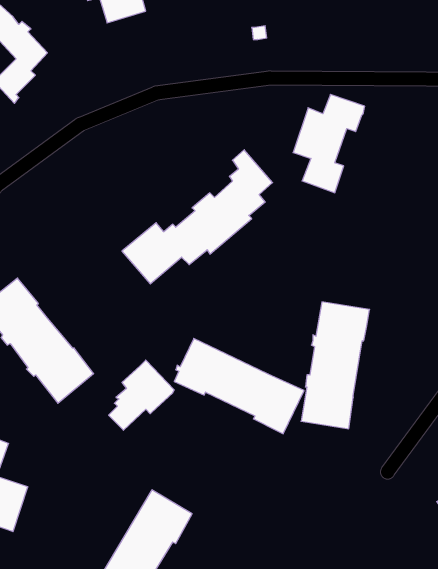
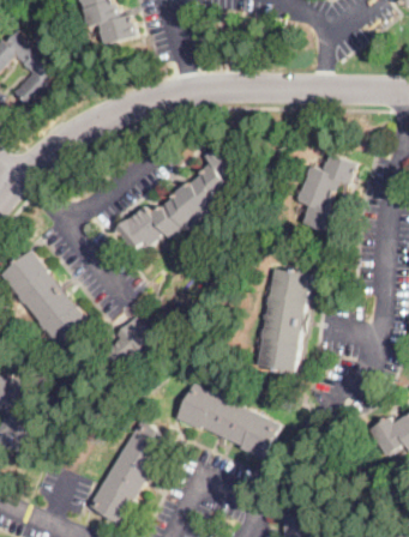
building: [293,94,365,193] -> [295,153,353,233]
building: [174,338,304,434] -> [175,382,279,459]

